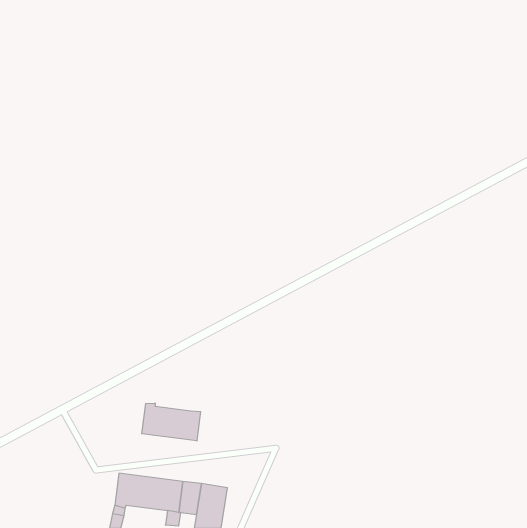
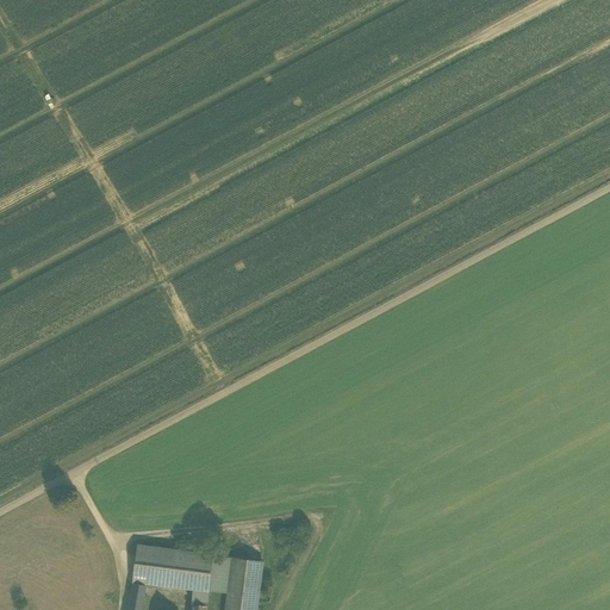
building: [142,403,201,441] -> none

